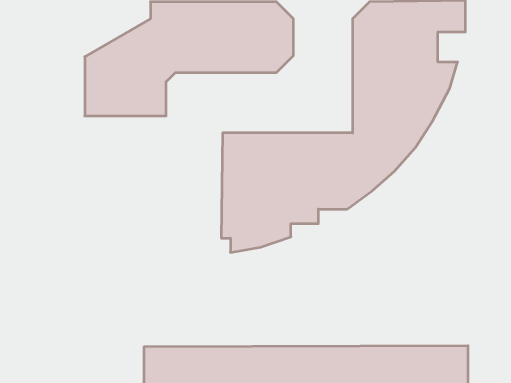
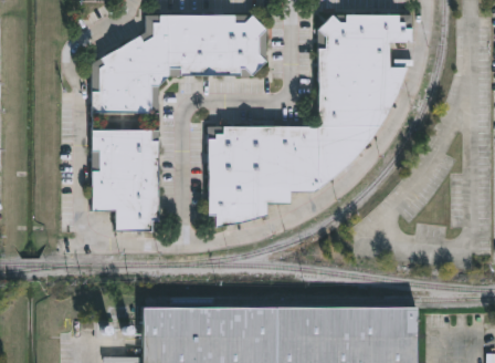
building: none -> [93,129,159,230]

